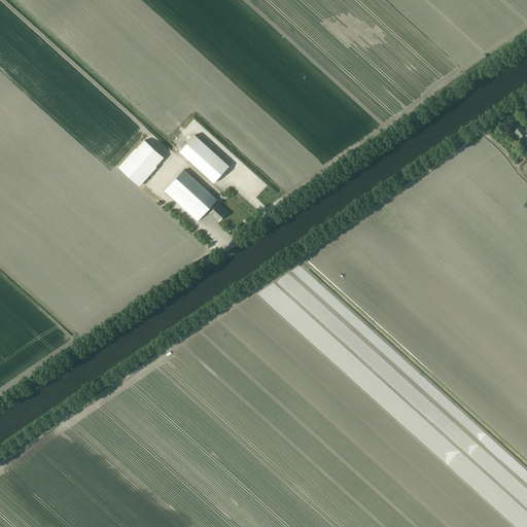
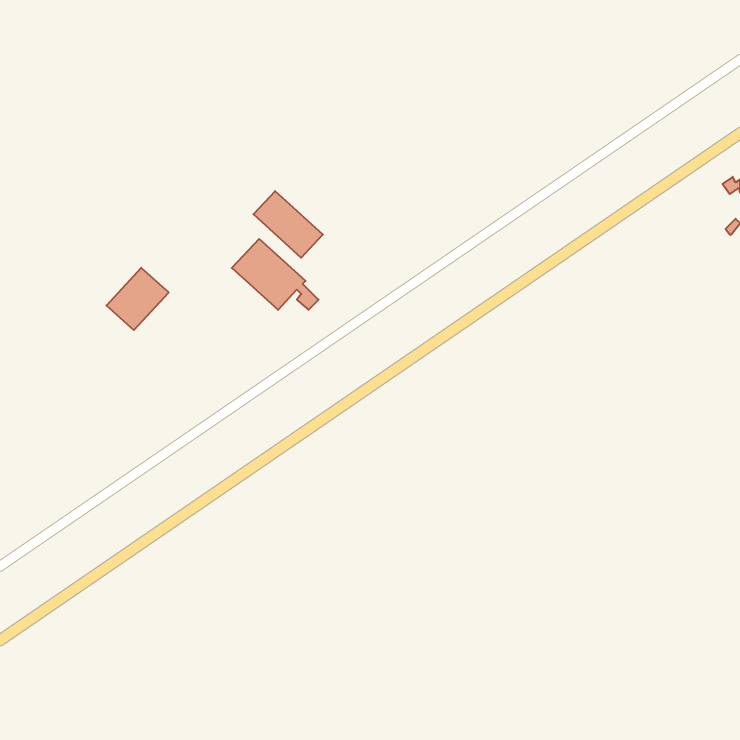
building: [120,140,165,184] -> [106,268,169,330]

